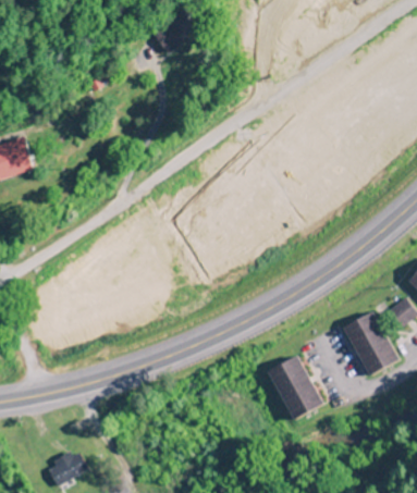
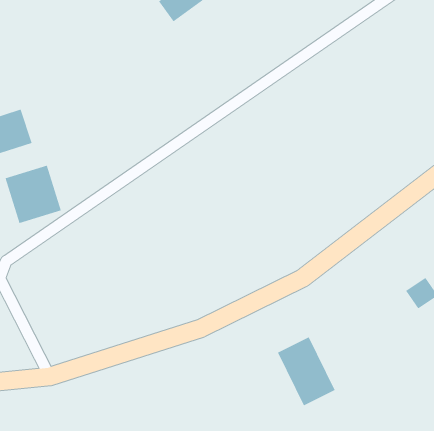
building: none -> [5,165,61,224]
building: [342,311,397,375] -> none

